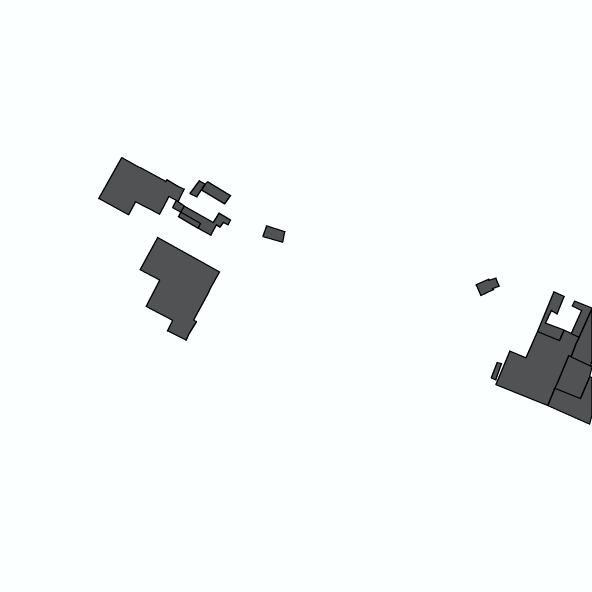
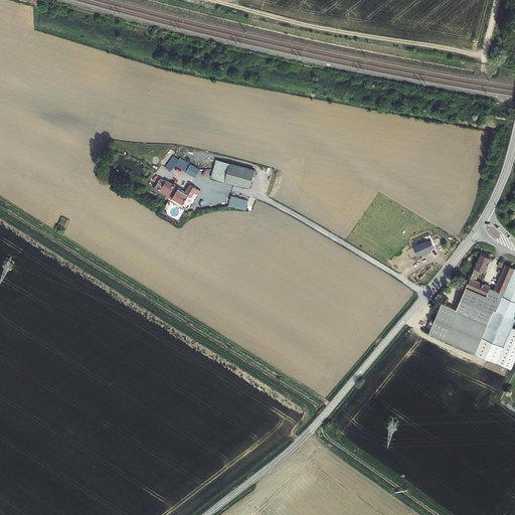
building: [99,158,184,215] -> none
building: none -> [211,160,254,189]
building: [140,237,220,340] -> none

